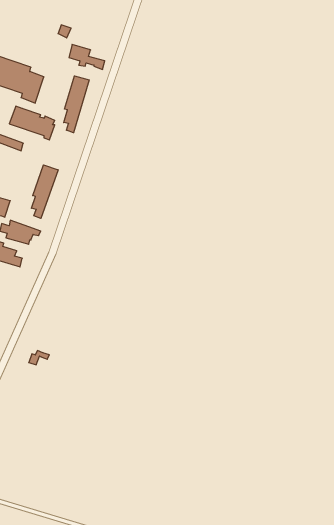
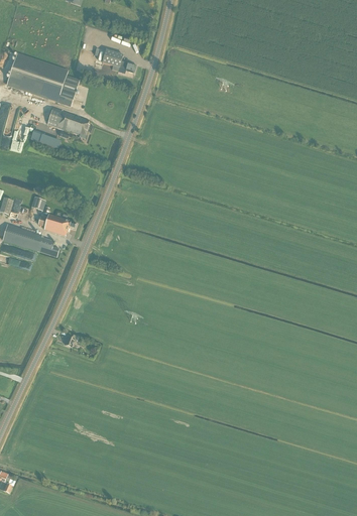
building: [64,76,89,133] -> none
building: [31,165,58,218] -> none

